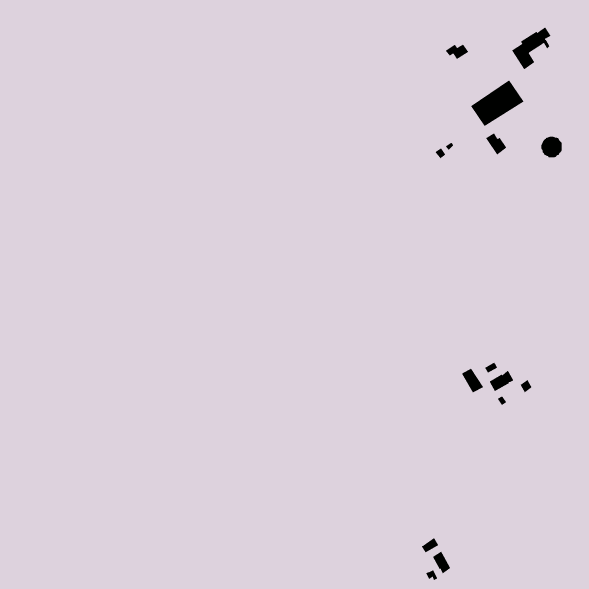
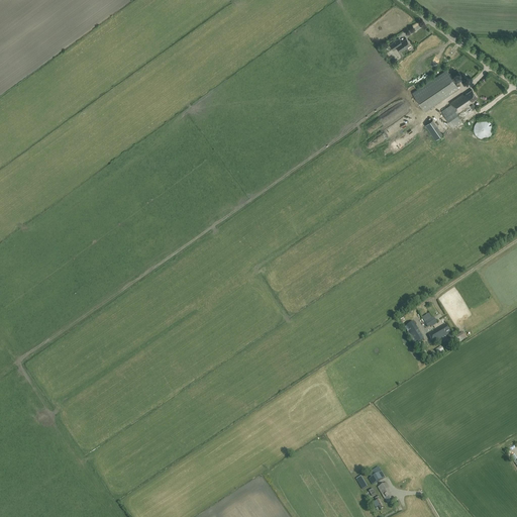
building: [511,26,551,70] -> [441,90,477,128]

